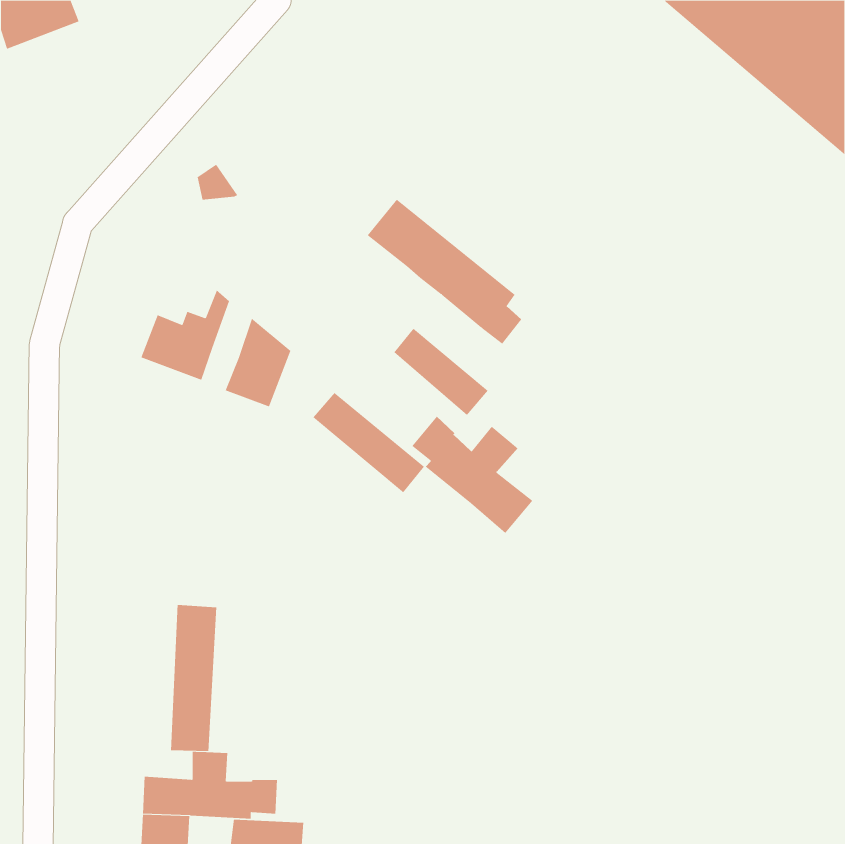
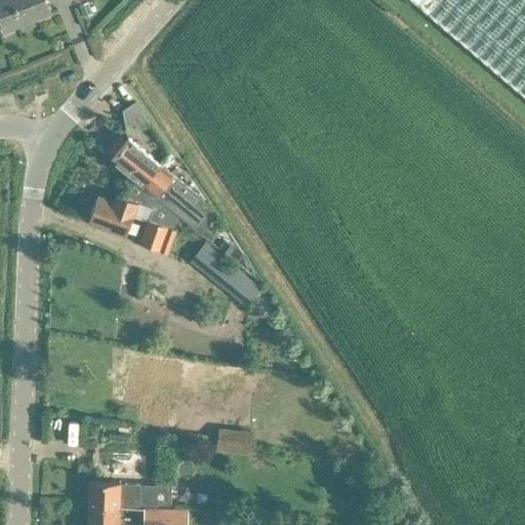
building: [367,199,522,344] -> [110,138,206,229]
building: [393,328,489,416] -> none
building: [411,416,533,534] -> none
building: [170,604,217,752] -> none

